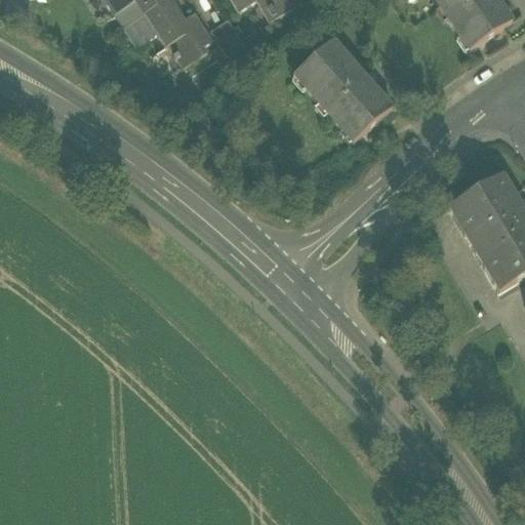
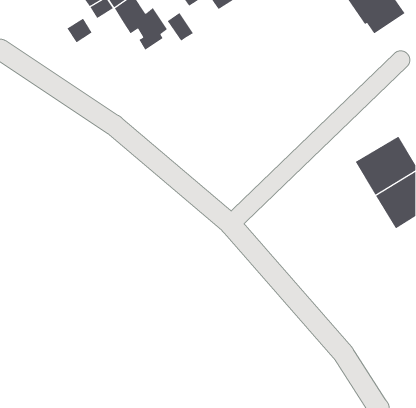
building: [122,10,155,42] -> [66,18,92,43]
building: [296,37,391,135] -> none

